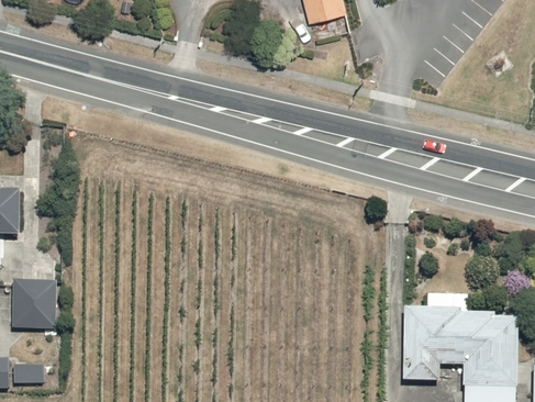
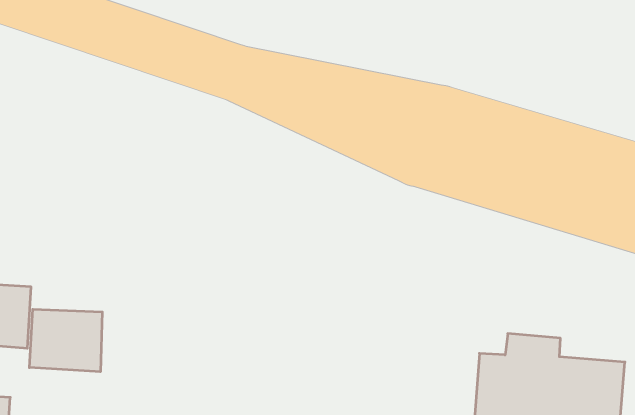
building: none -> [29,309,102,372]

